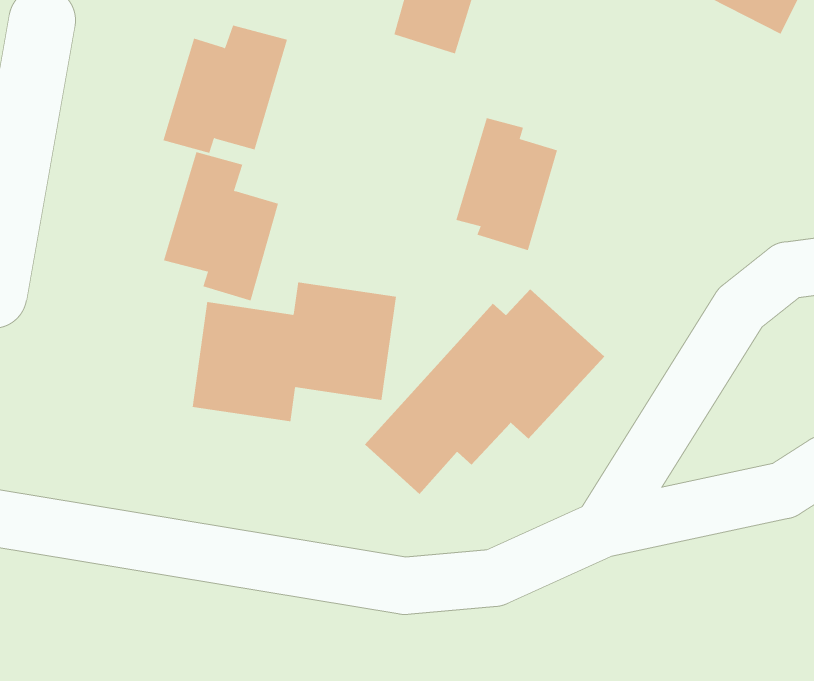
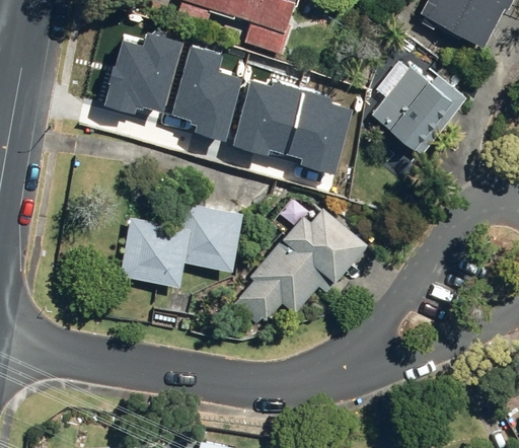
building: none -> [371,54,465,150]
building: none -> [230,86,297,159]
building: [163,152,279,301] -> [168,52,240,145]

